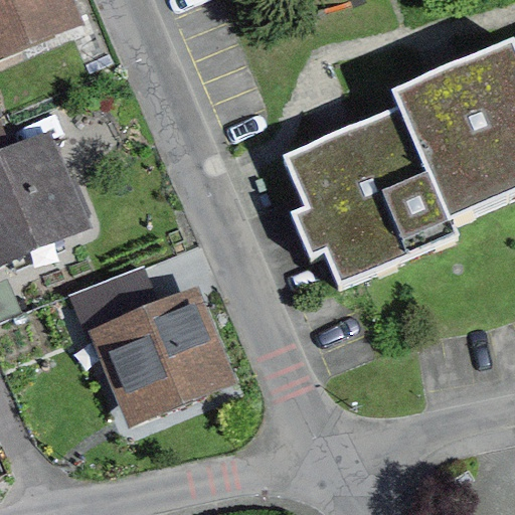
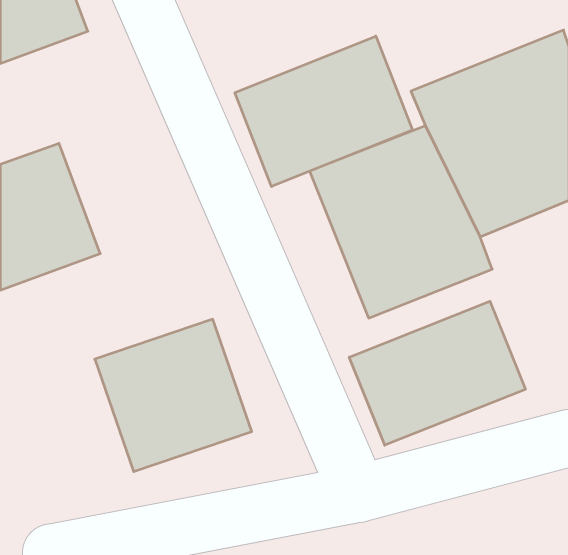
building: none -> [235,36,413,187]
building: none -> [349,301,525,445]

